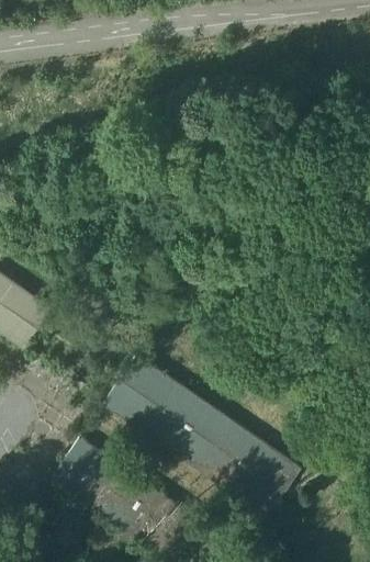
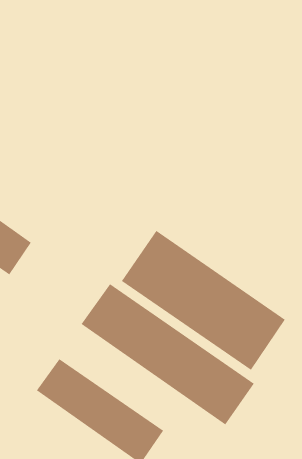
building: none -> [121,230,286,371]

